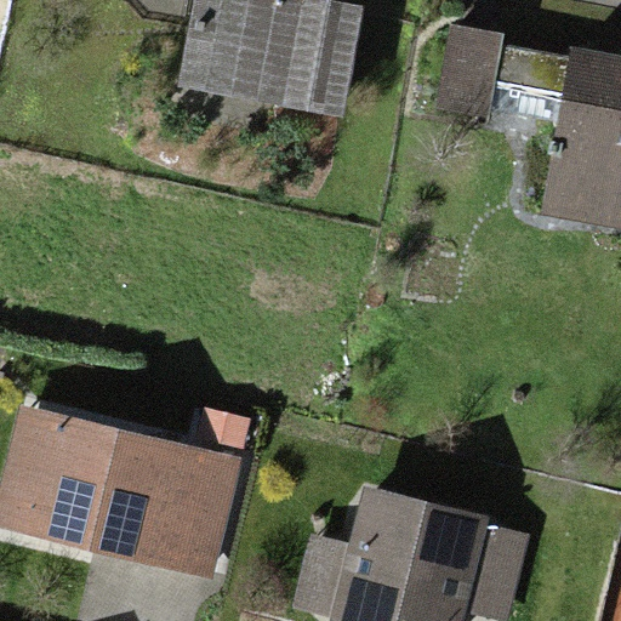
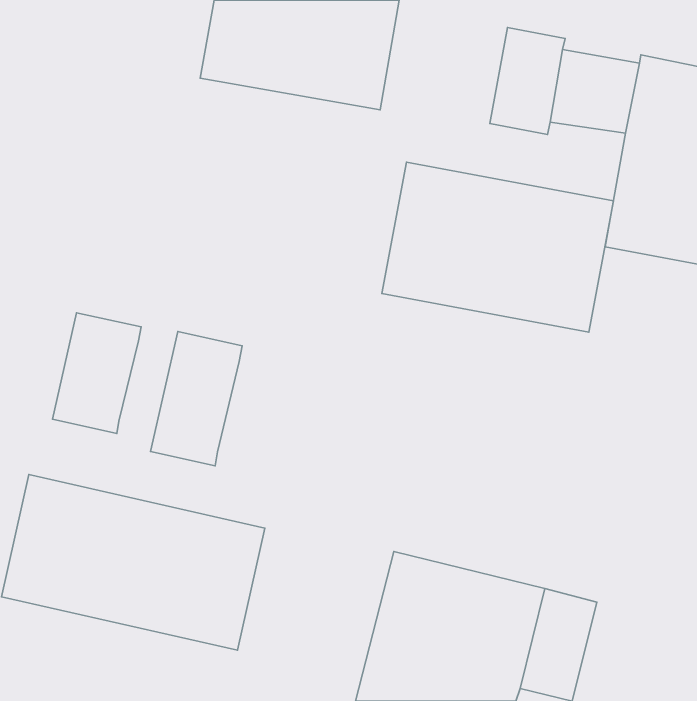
building: none -> [382,162,613,332]
building: none -> [52,313,141,434]
building: none -> [151,332,242,466]

